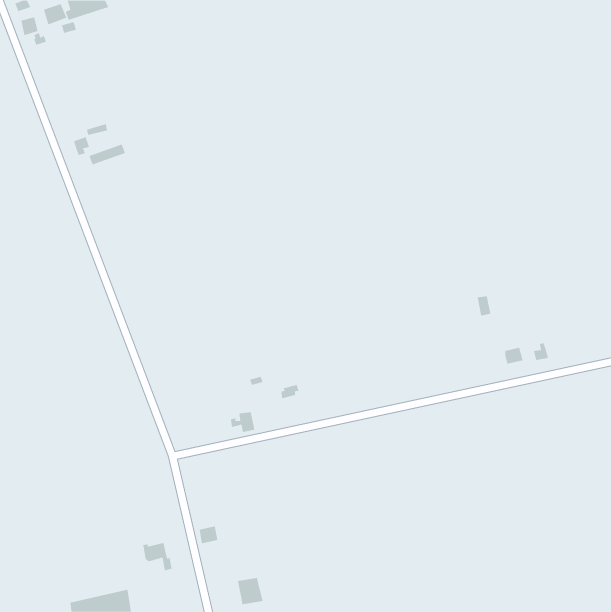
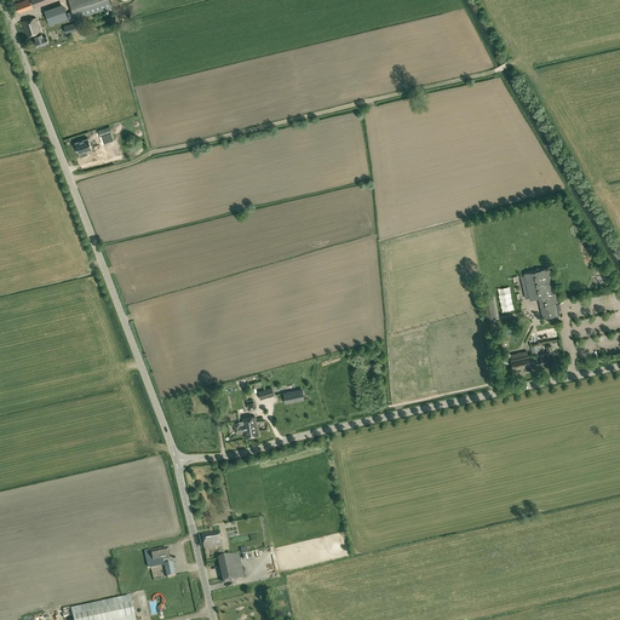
building: none -> [524,269,556,318]
building: [237,577,263,605] -> [217,555,243,582]

